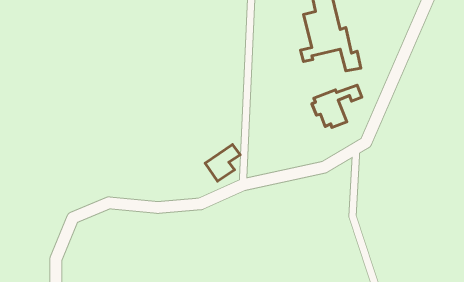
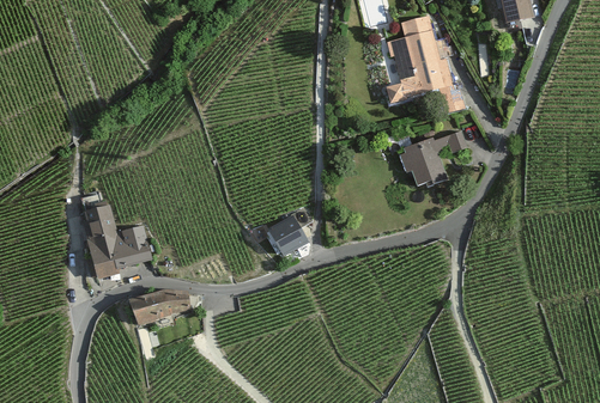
building: none -> [81,209,147,275]
building: none -> [128,288,184,320]

